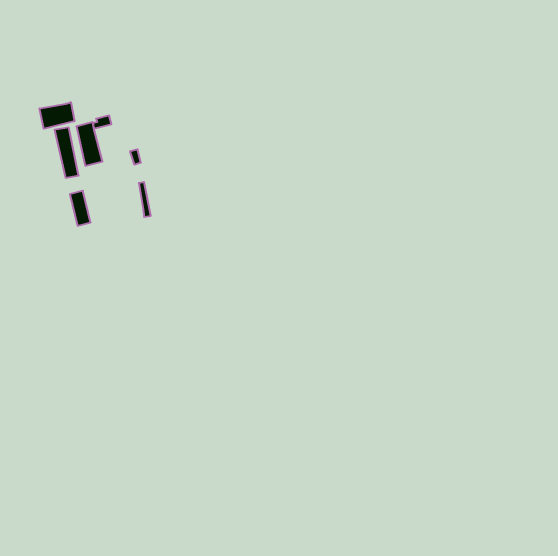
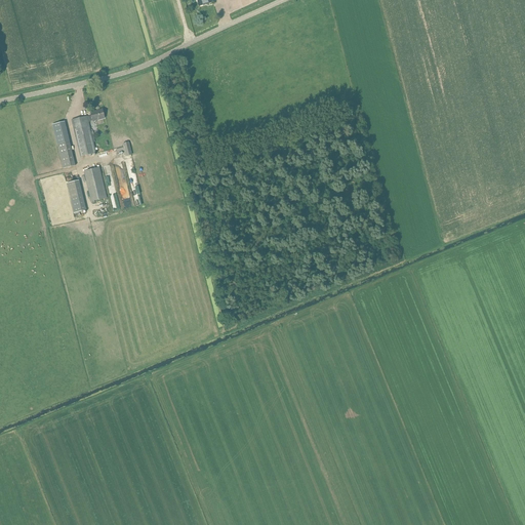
building: [40,102,74,129] -> none
building: none -> [83,166,107,201]

